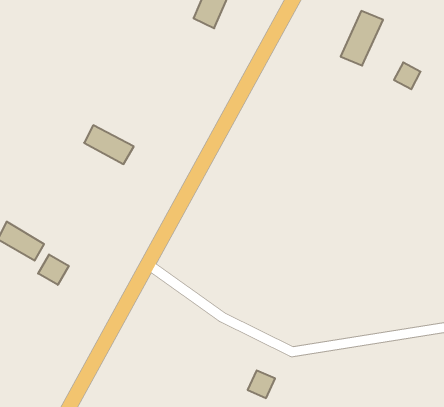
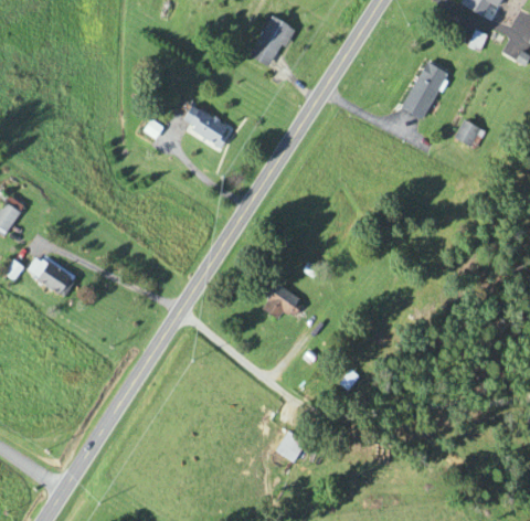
building: [84,125,134,164] -> [181,104,233,147]
building: none -> [259,281,304,325]
building: [38,254,69,285] -> none

